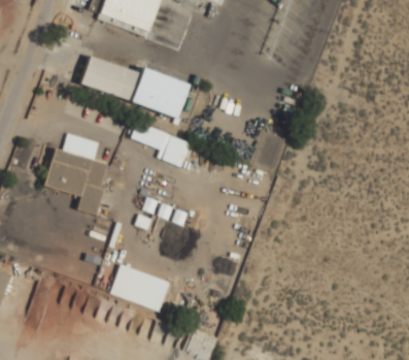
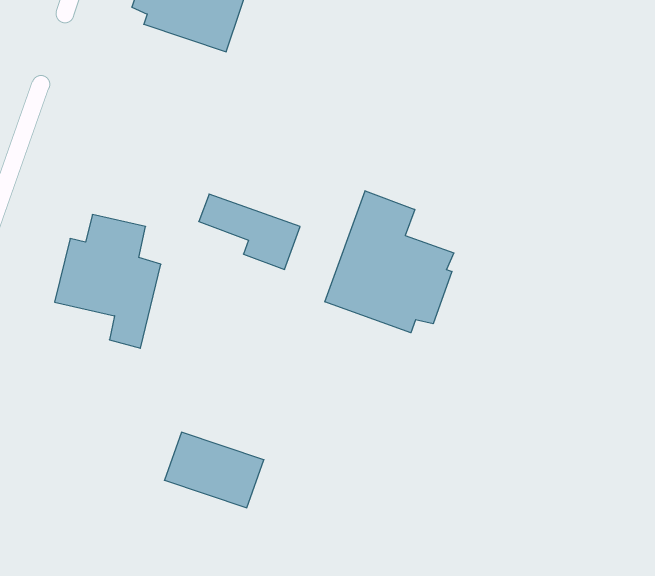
building: [80,56,188,117] -> none
building: none -> [325,191,454,333]

